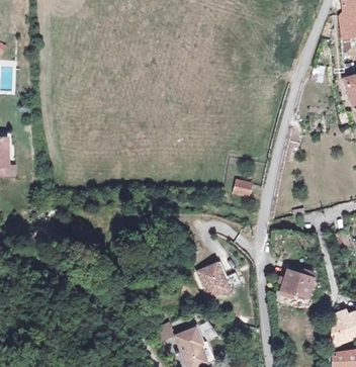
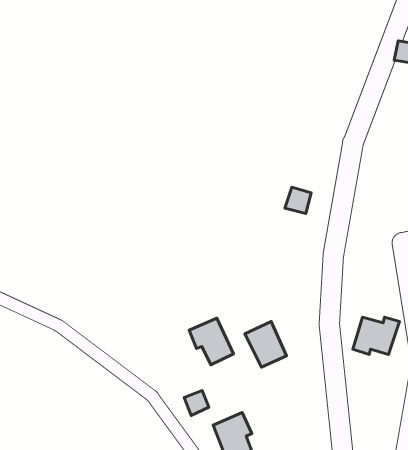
building: none -> [189,318,234,365]

